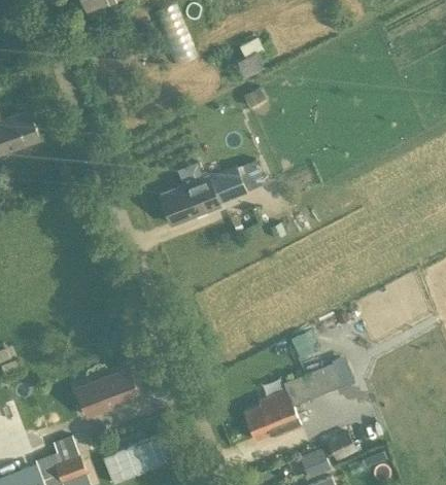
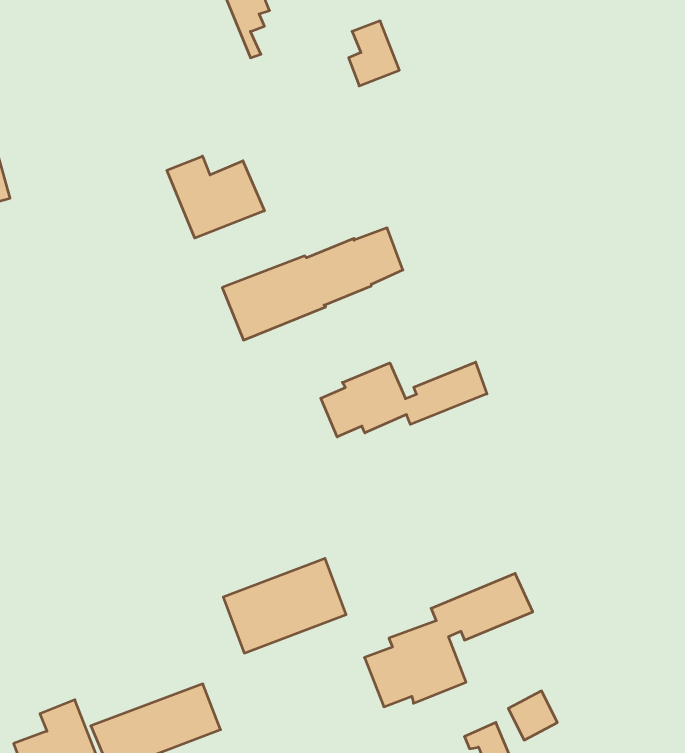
building: none -> [167,156,264,238]
building: none -> [321,362,487,437]
building: [67,365,139,420] -> [223,558,346,653]

